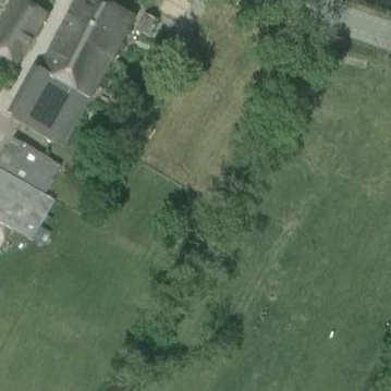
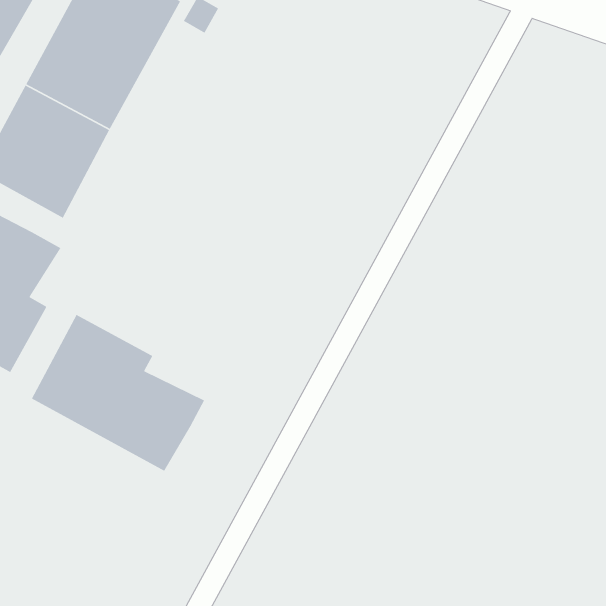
building: none -> [31,314,205,472]

